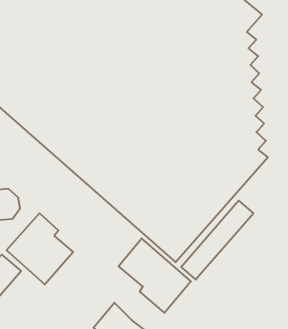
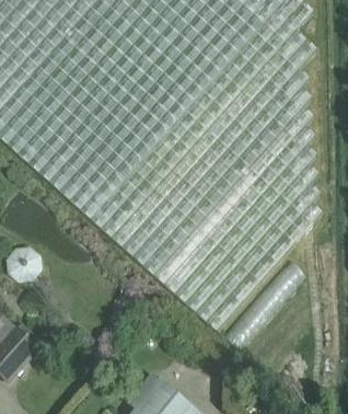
building: [7,213,73,285] -> none
building: [119,238,191,313] -> none

